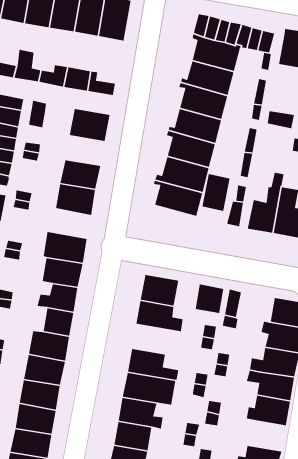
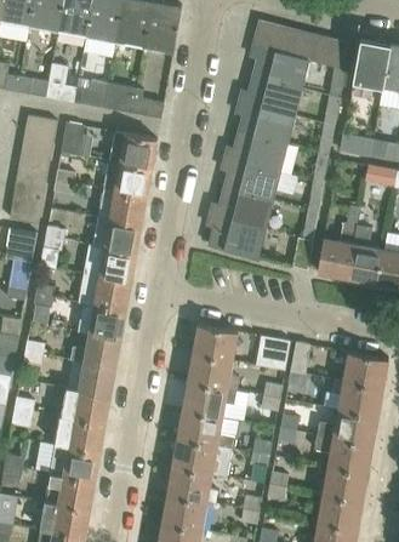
building: none -> [104,164,152,199]
building: [202,173,230,212] -> none
building: none -> [84,249,136,284]
building: none -> [182,383,236,418]
building: none -> [317,495,363,531]

